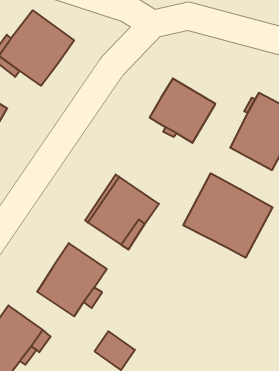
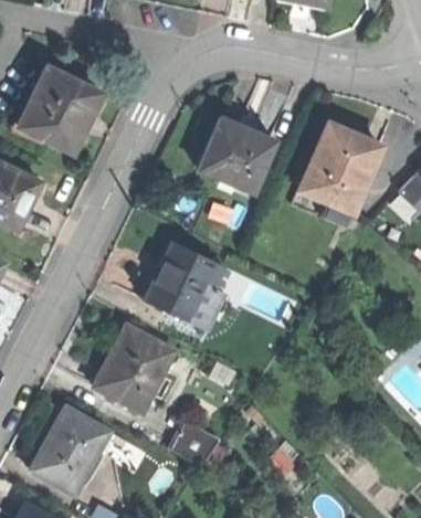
building: [183,173,273,258] -> none

